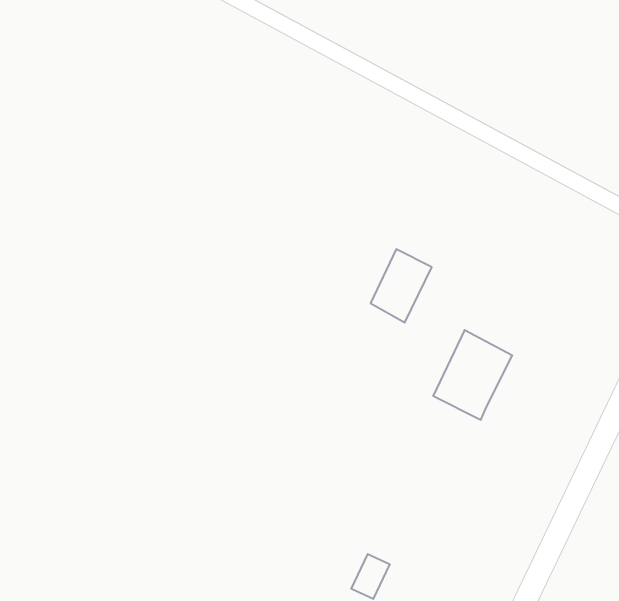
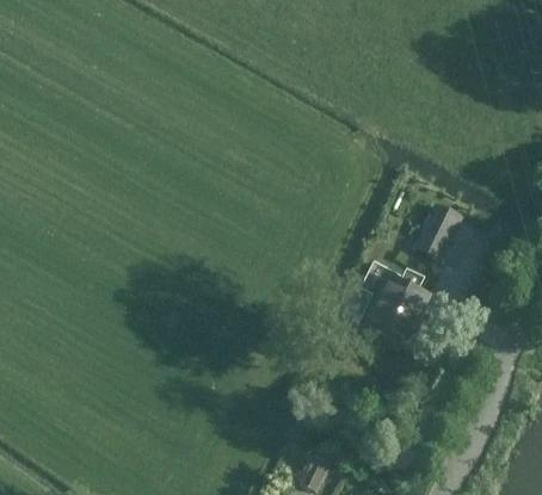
building: [371,249,432,322] -> [411,199,460,258]

